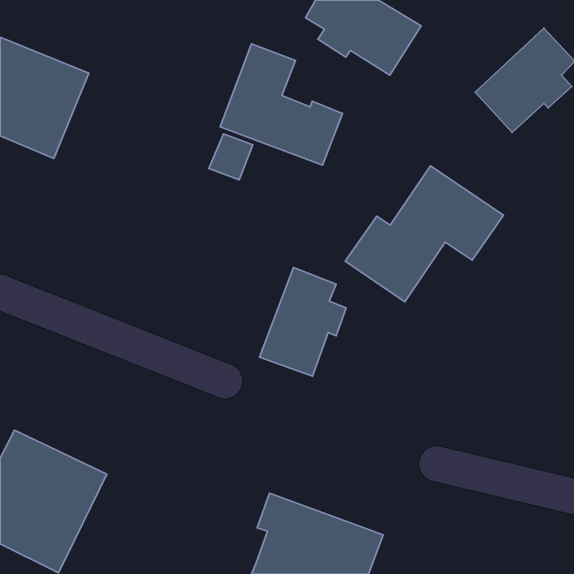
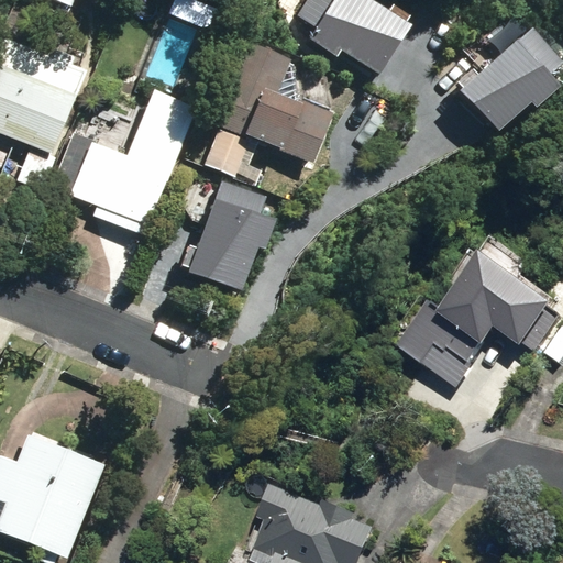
building: none -> [69,98,189,224]
building: [345,166,504,302] -> [395,251,550,384]
building: [260,267,346,376] -> [190,183,275,289]

